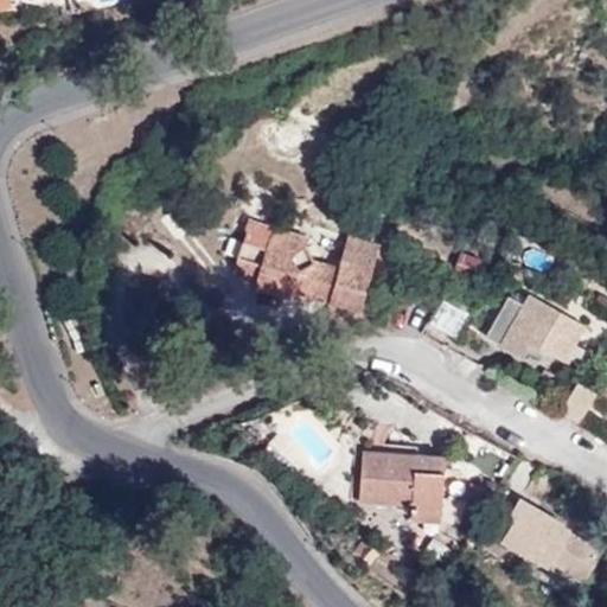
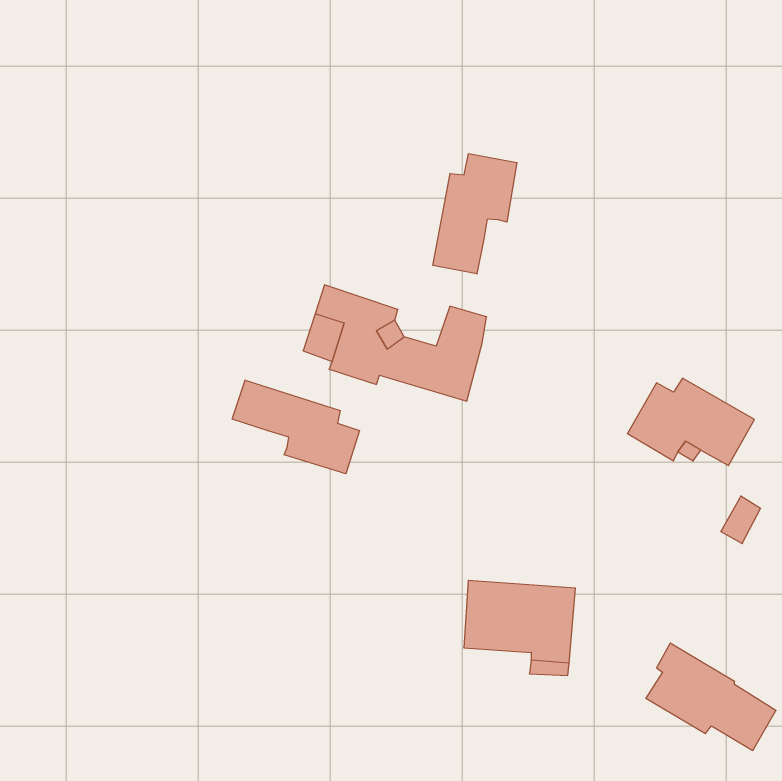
building: none -> [433,154,517,274]
building: none -> [232,380,359,474]

